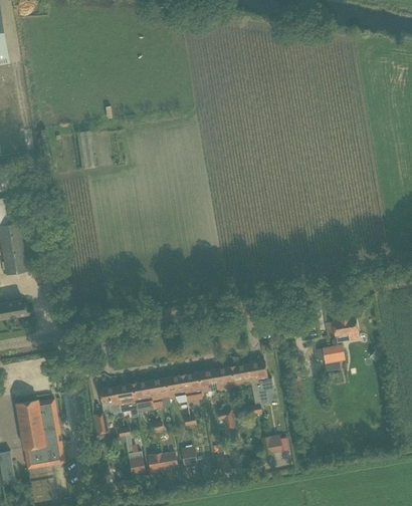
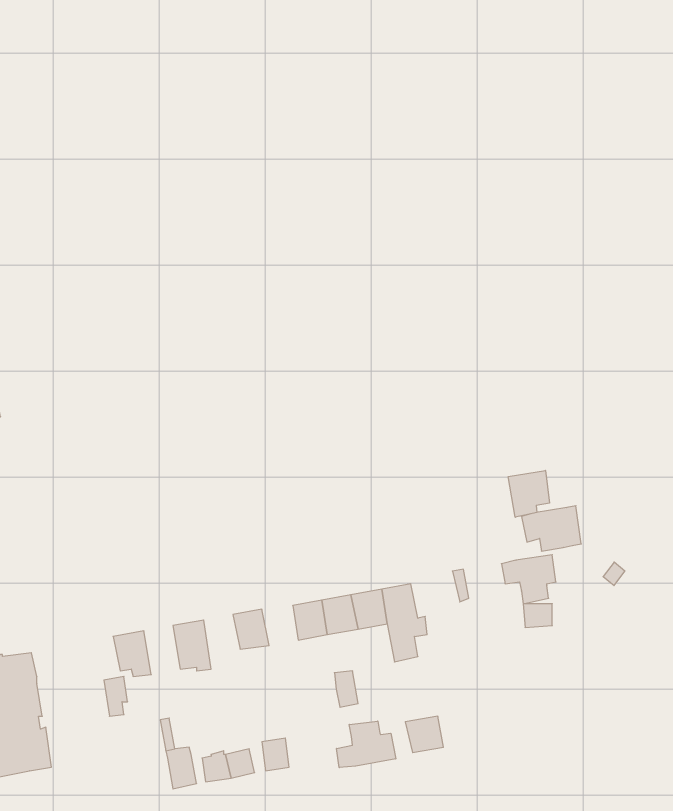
building: none -> [508,470,549,517]
building: [181,373,202,403] -> none
building: [149,378,169,410] -> none
building: [116,385,136,413] -> none
building: none -> [337,721,396,768]

